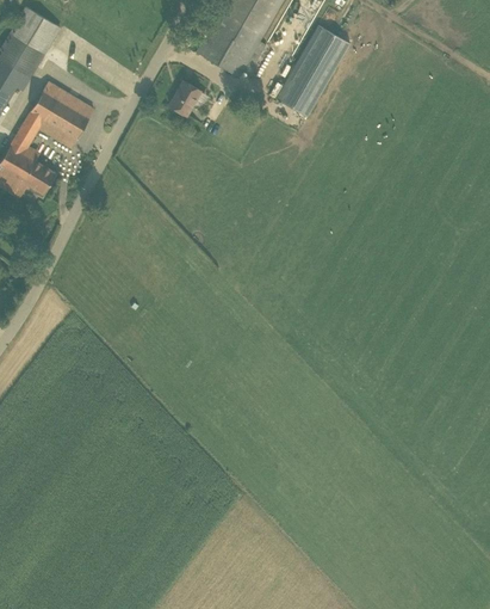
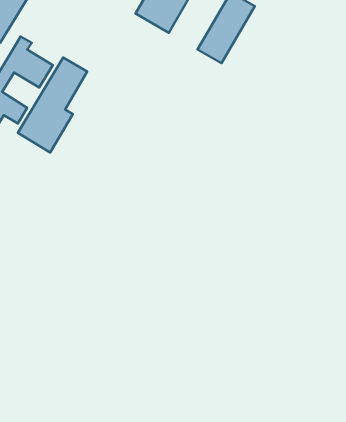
building: [170,81,201,116] -> none
building: none -> [18,57,87,152]

